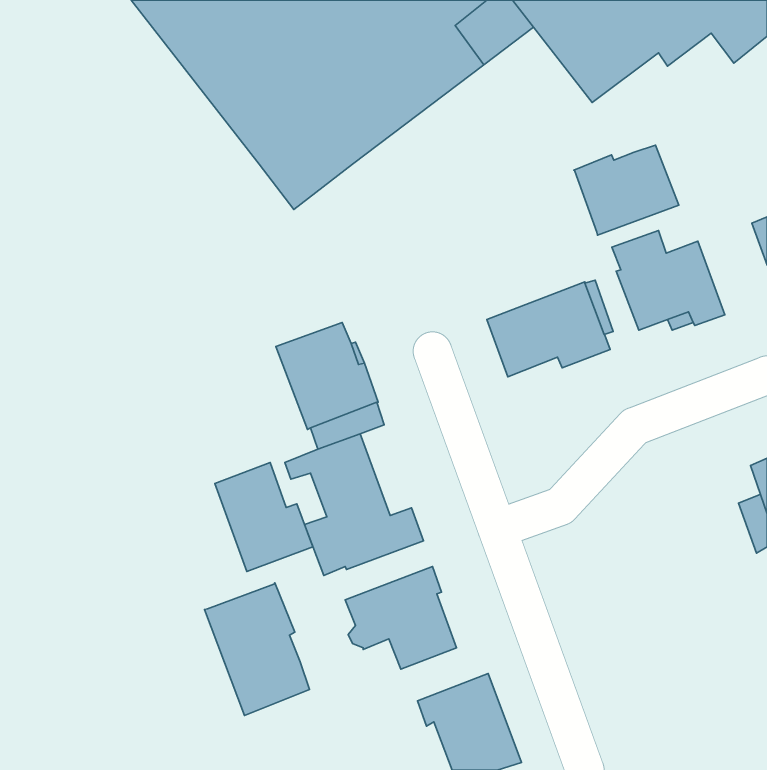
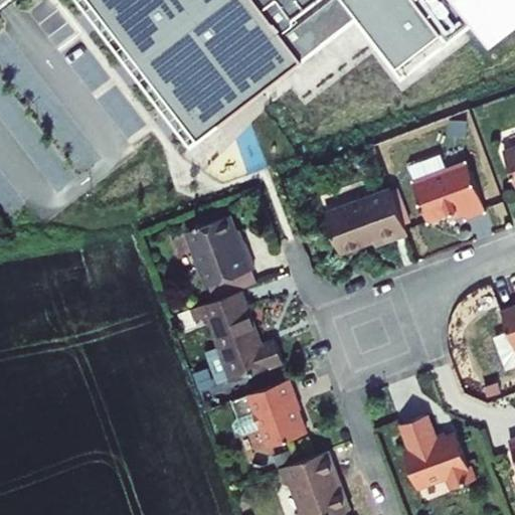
building: [574,145,679,235] -> none
building: [215,462,313,572] -> none
building: [204,583,310,716] -> none
building: none -> [400,413,473,486]

